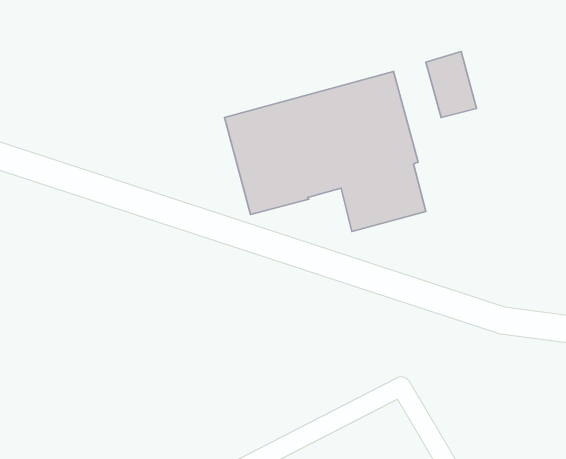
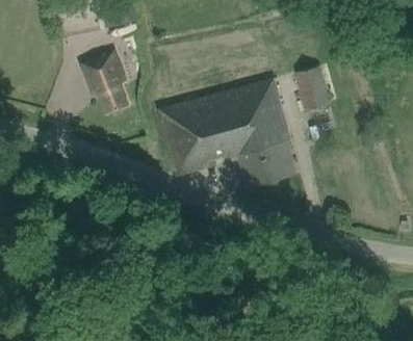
building: none -> [81,51,127,111]

